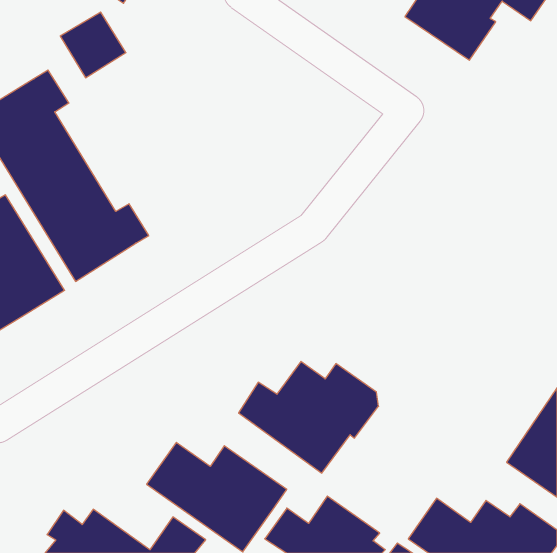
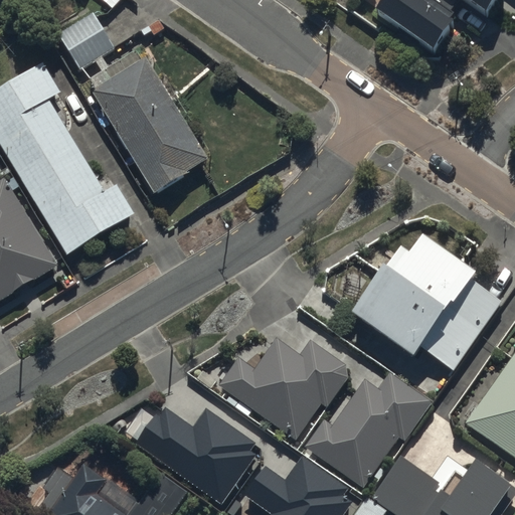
building: none -> [93,59,209,195]
building: none -> [358,237,499,372]
building: none -> [305,368,432,484]

